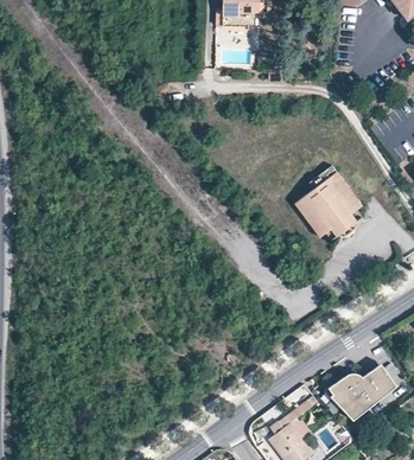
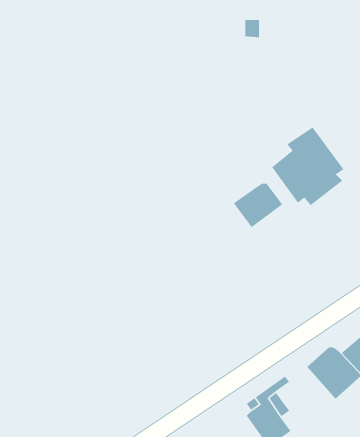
building: none -> [233,183,283,228]

